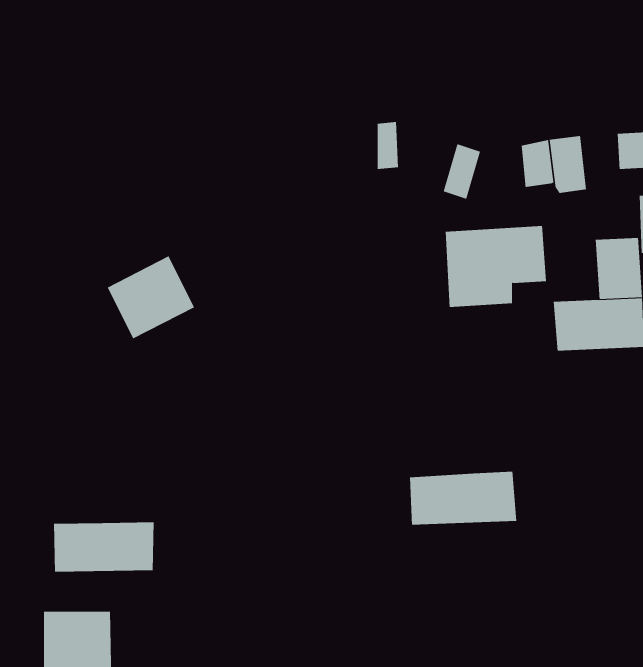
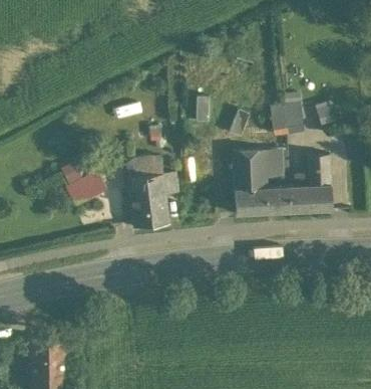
building: none -> [128,157,179,227]
building: [409,471,517,525] -> [235,186,289,213]
building: [53,521,154,573] -> none

